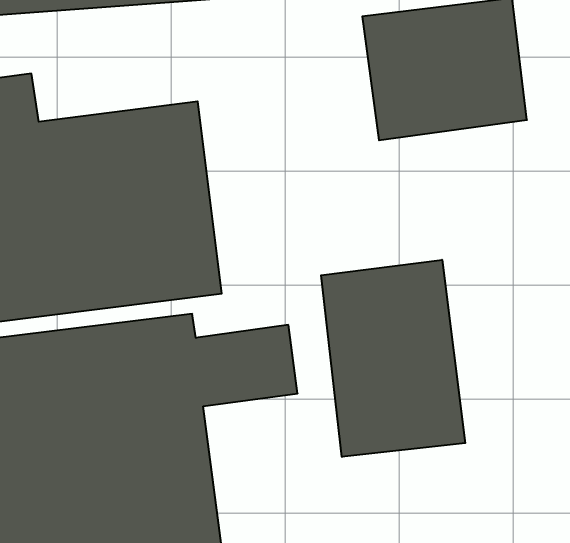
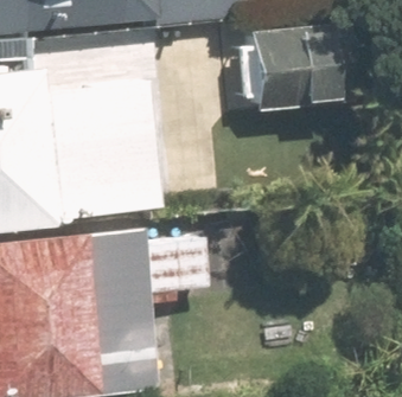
building: [321,260,465,457] -> none

